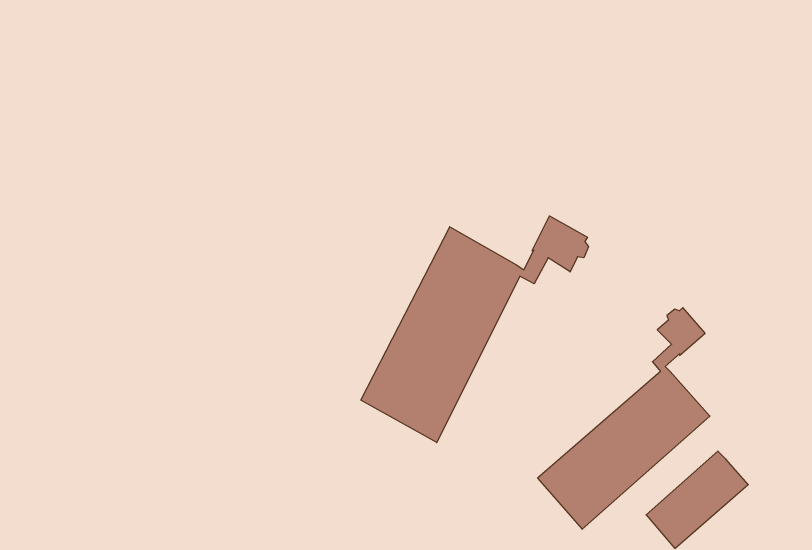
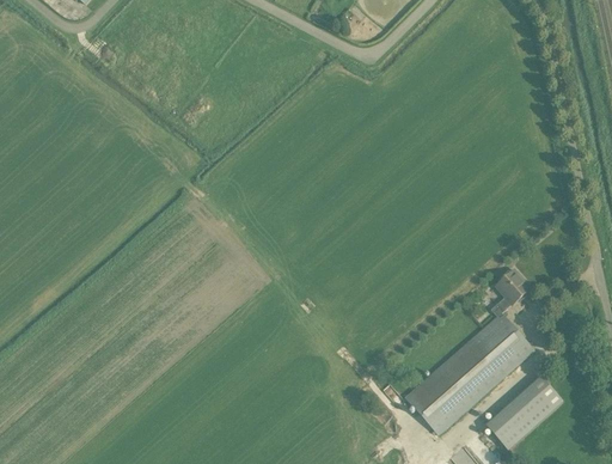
building: [361,216,588,443] -> none

